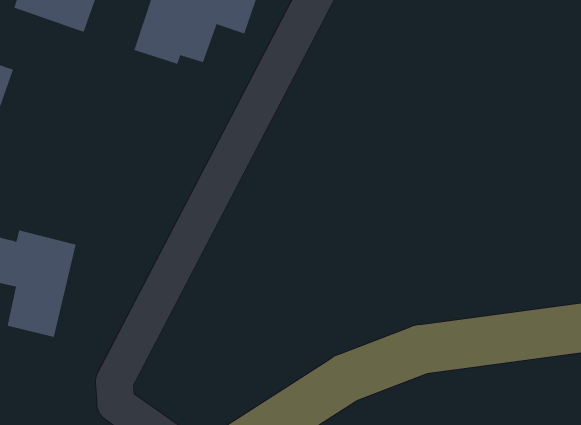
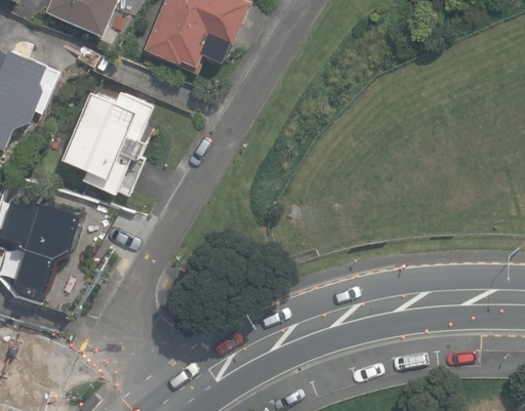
building: none -> [60,90,154,194]

